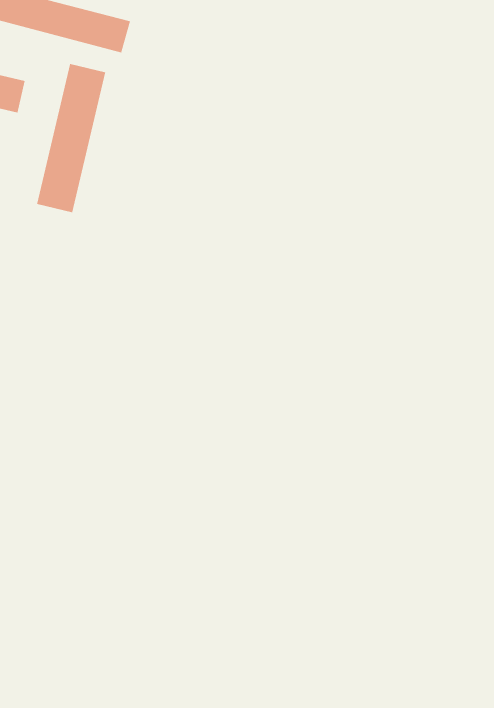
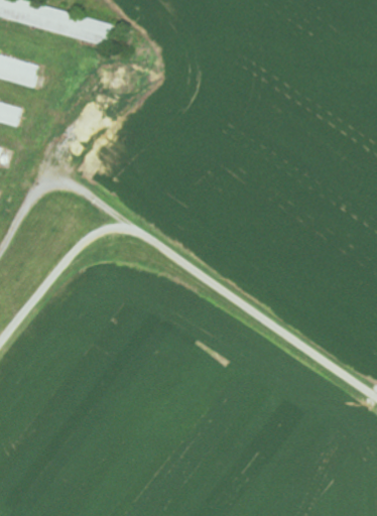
building: [37,63,106,213] -> none

